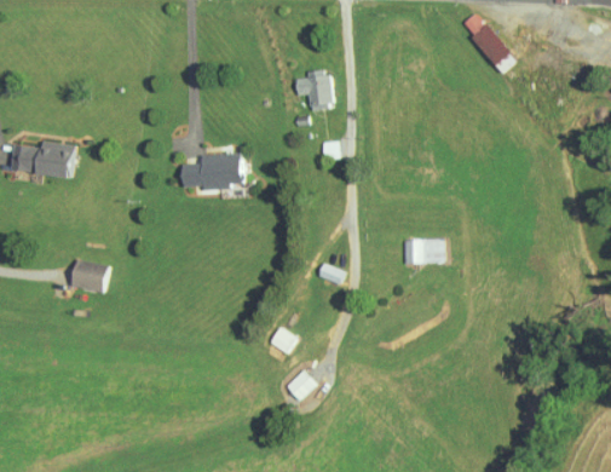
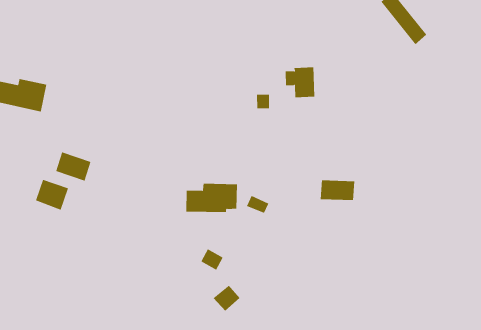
building: [295,71,333,109] -> [285,67,315,98]
building: [183,154,244,190] -> [185,183,238,212]
building: none -> [55,151,91,181]

